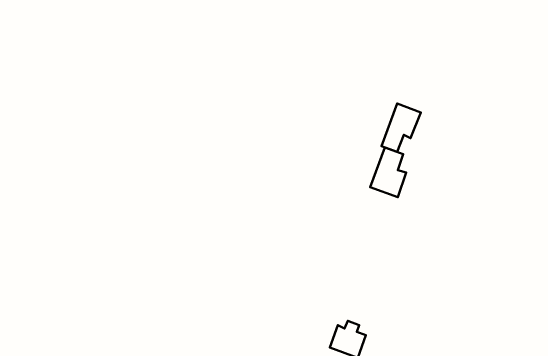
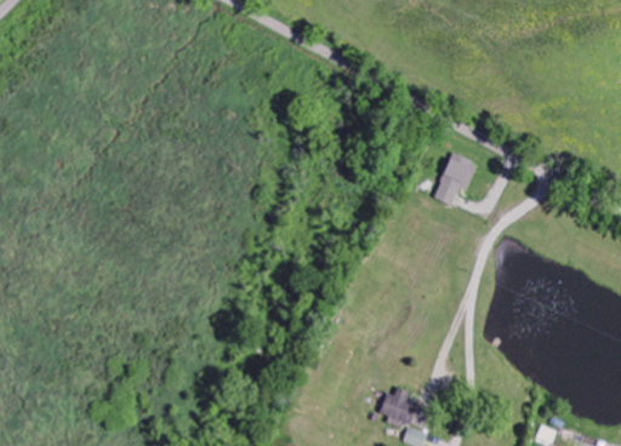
building: [370,147,406,197] -> none

